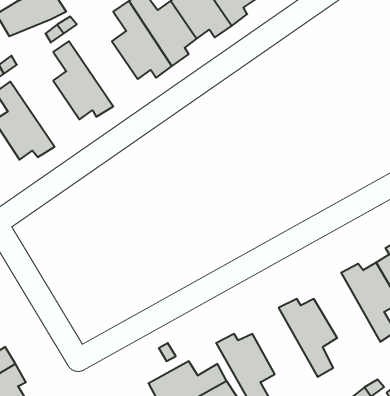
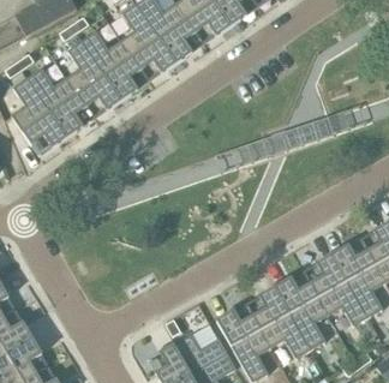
building: none -> [82,30,145,100]
building: none -> [28,67,91,137]
building: none -> [307,253,369,325]
building: none -> [251,286,311,358]

